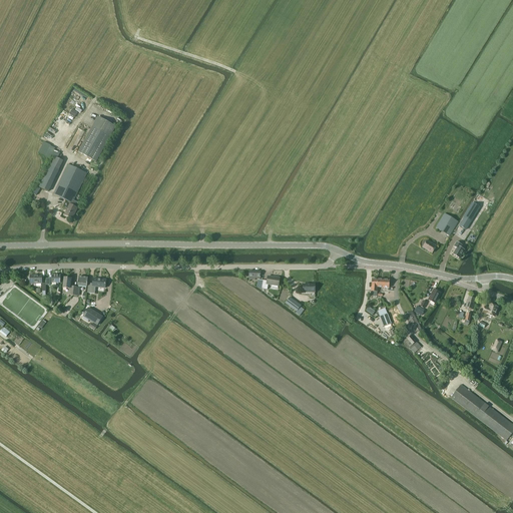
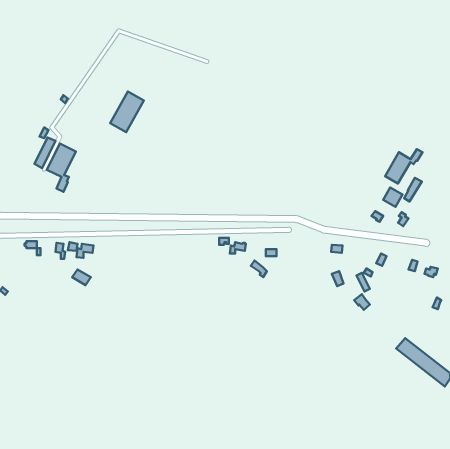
building: [78,115,116,161] -> [110,92,144,132]
building: none -> [385,149,422,183]

